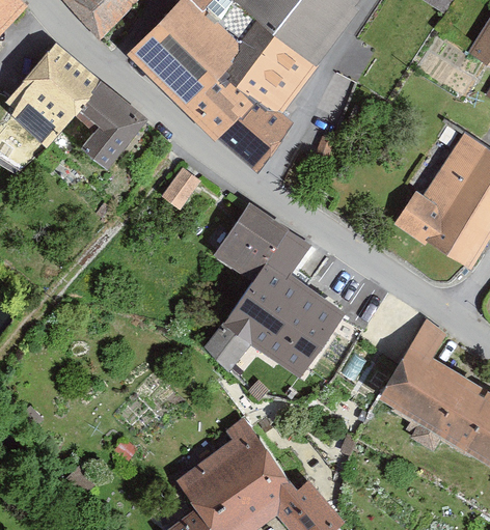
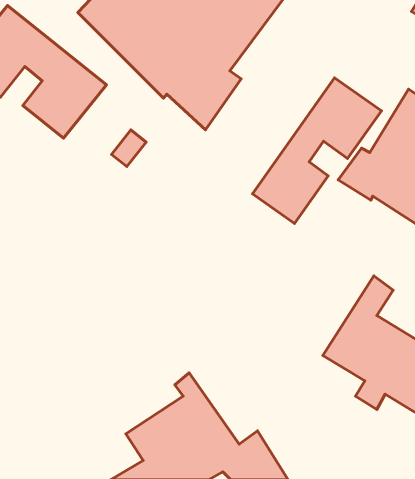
building: none -> [252,78,381,223]
building: [205,201,348,374] -> none

